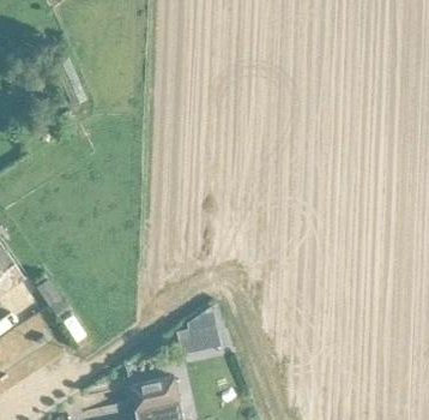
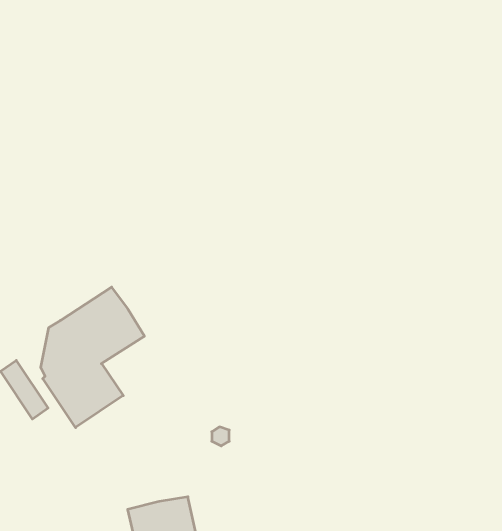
building: none -> [41,287,144,428]

